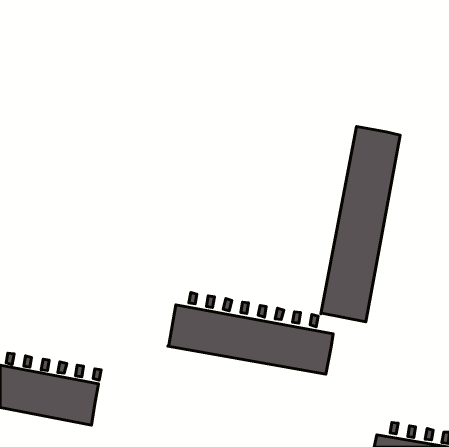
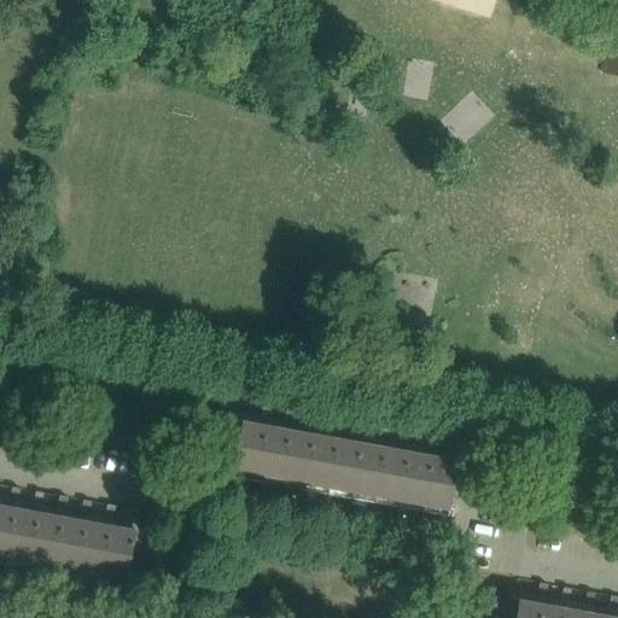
building: [321,127,400,322] -> none

